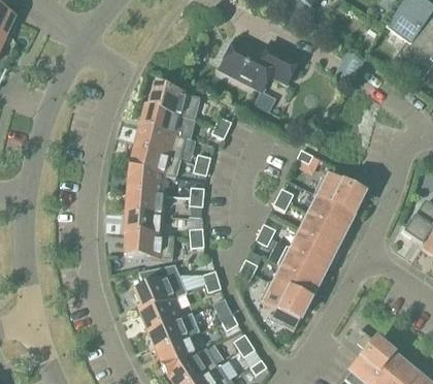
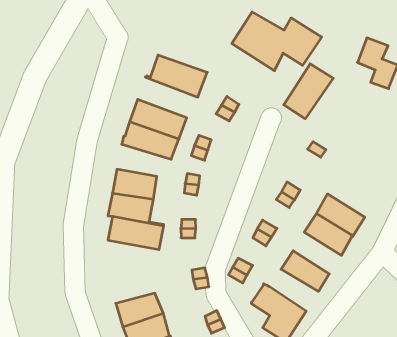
building: none -> [284,64,333,119]
building: [141,105,187,138] -> none
building: [129,167,167,193] -> none
building: [313,173,363,213] -> none
building: [292,230,336,265] -> none
building: [274,265,318,300] -> none
building: [134,270,176,309] -> none

